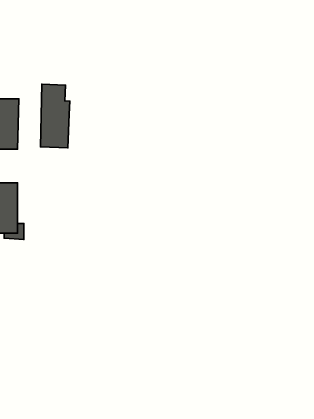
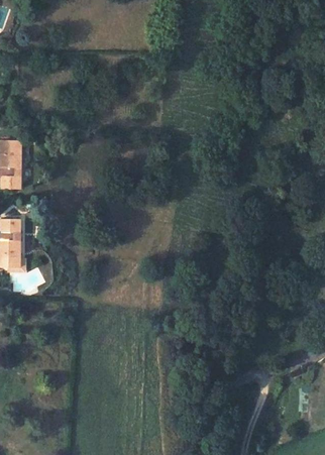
building: [41,84,70,148] -> none

